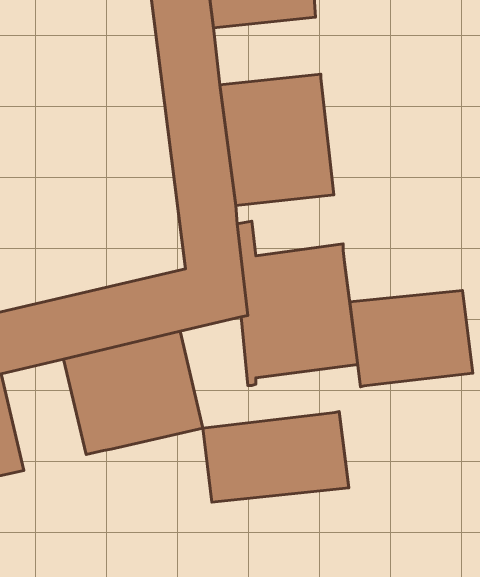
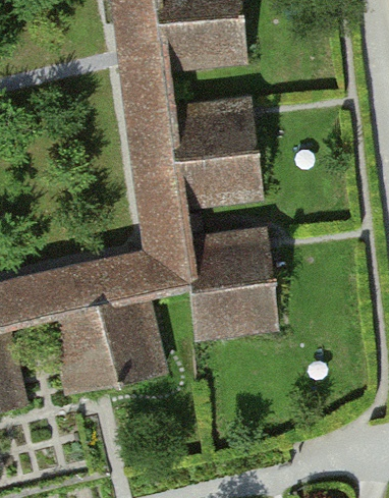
building: [350,290,473,387] -> none
building: [203,412,349,502] -> none

